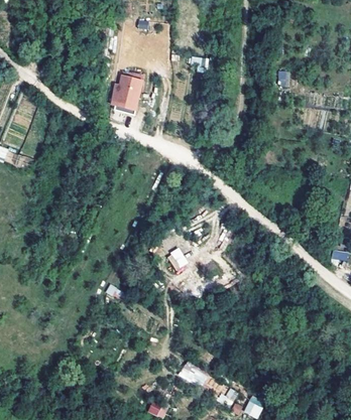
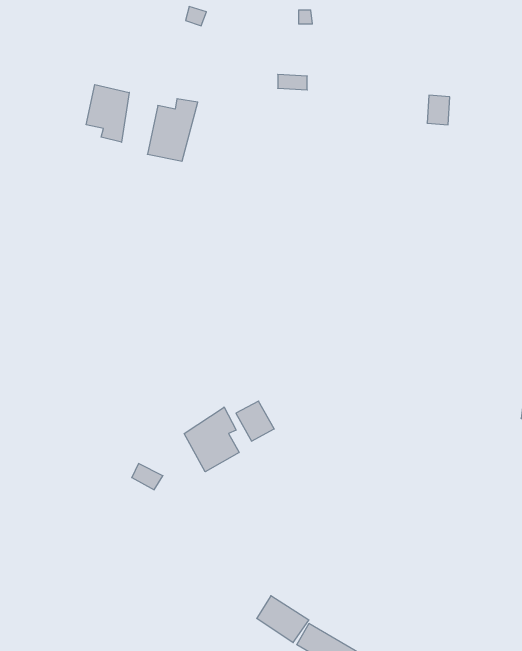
building: none -> [86,85,129,142]
building: none -> [184,407,239,472]

